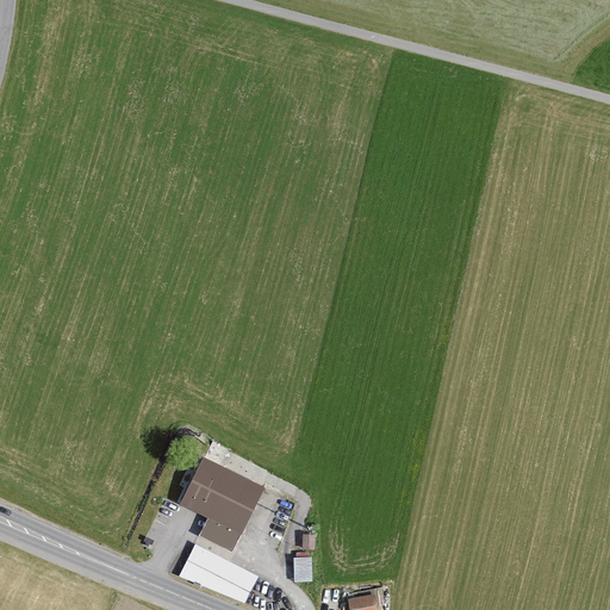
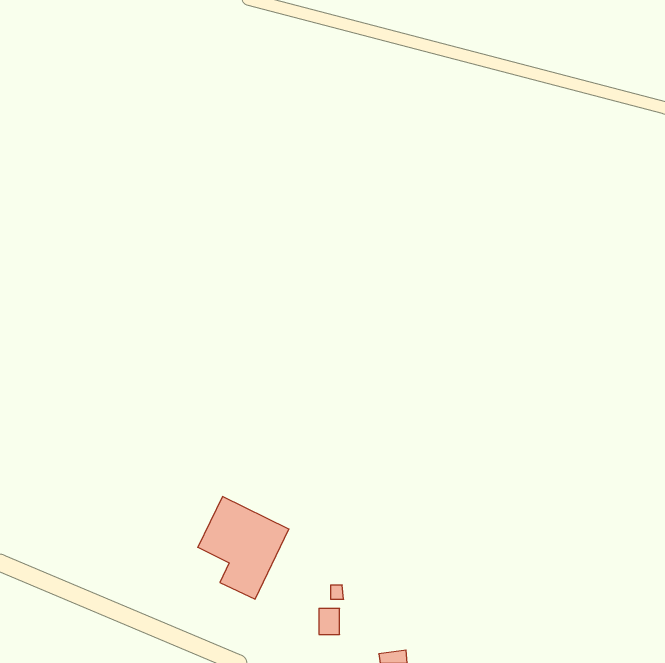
building: [176,544,256,603] -> none

